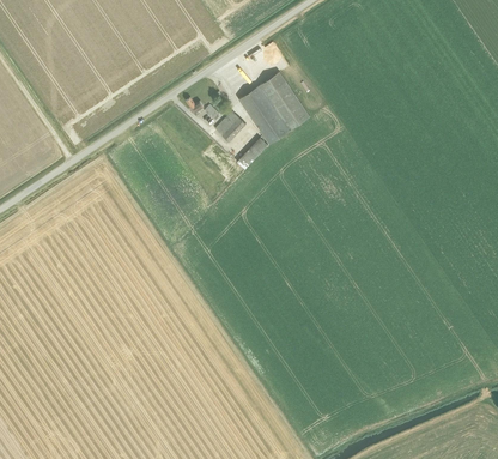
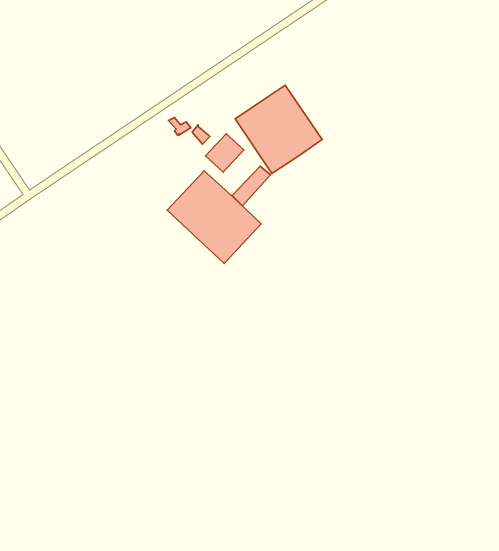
building: none -> [167,171,261,263]

